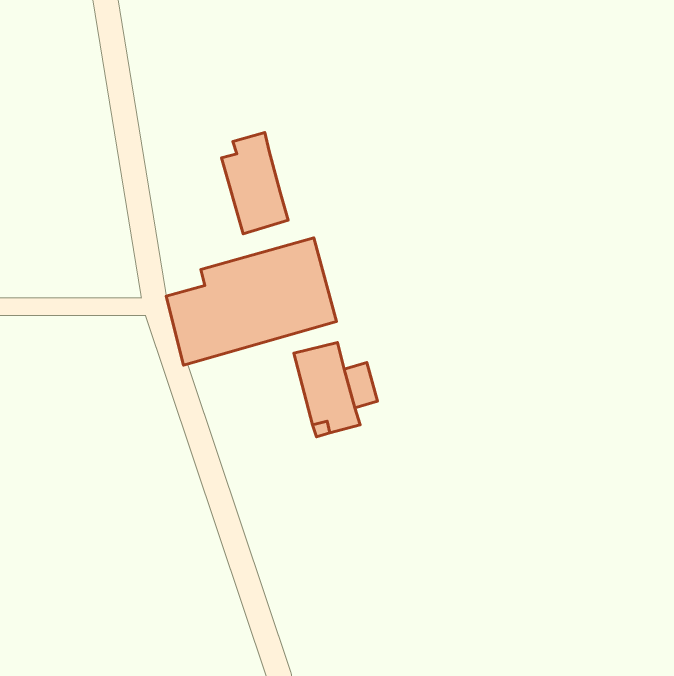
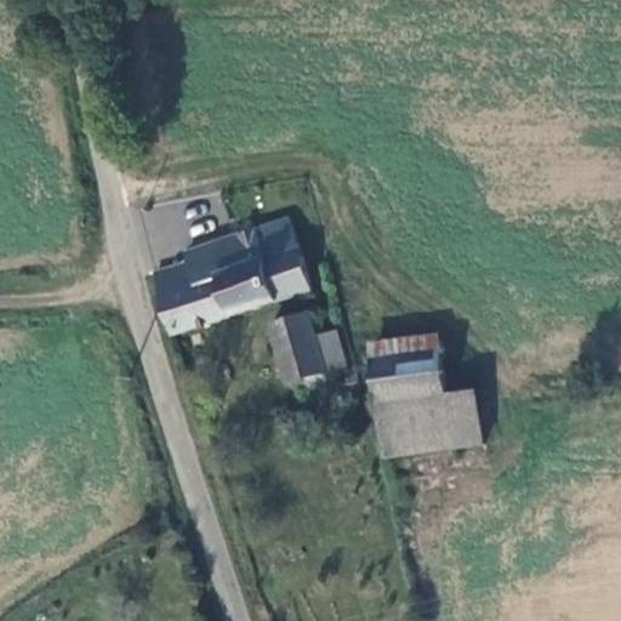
building: [222,132,288,234] -> none
building: none -> [371,351,482,457]

